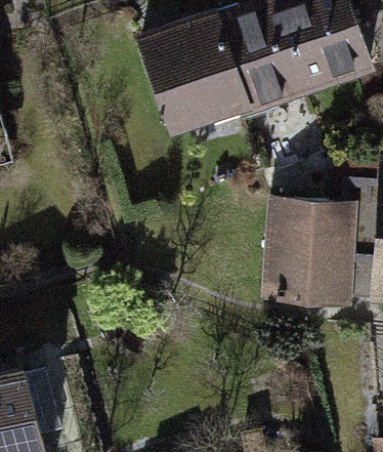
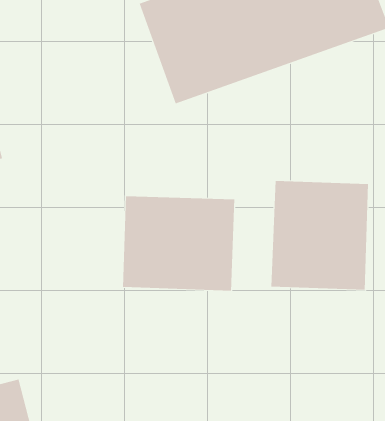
building: none -> [122,196,235,292]

